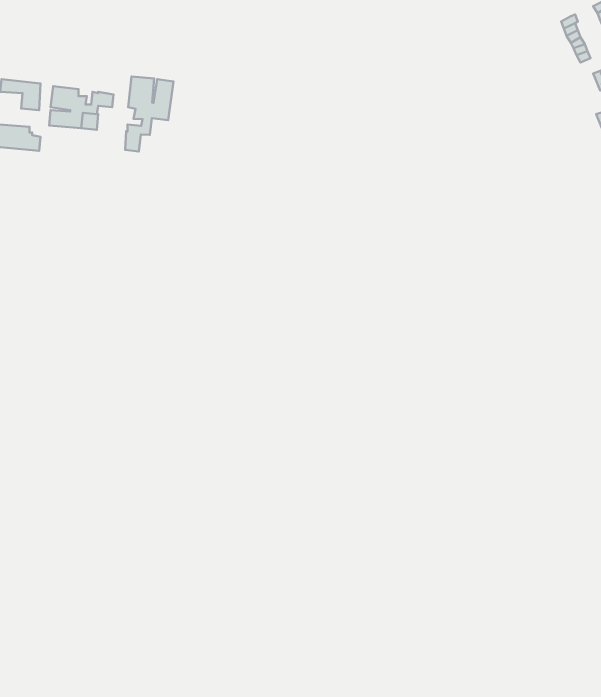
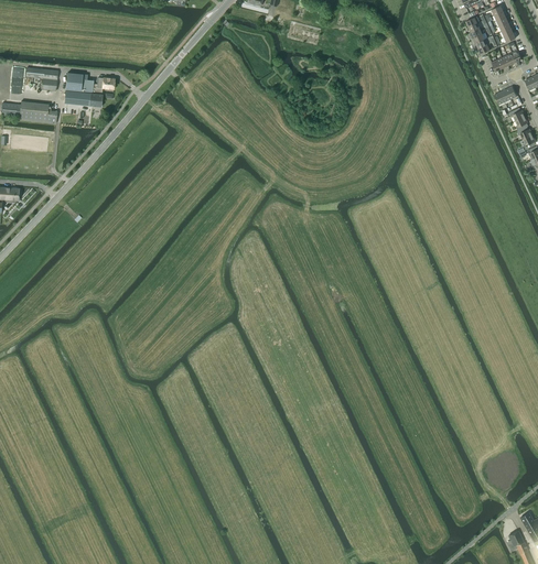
building: [125,77,173,151] -> none

